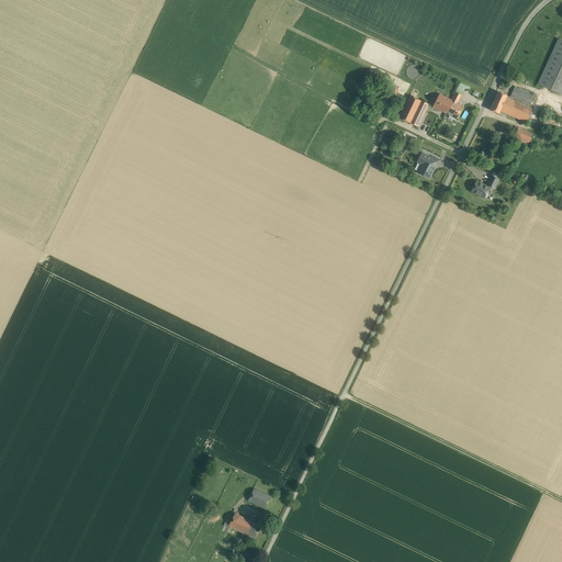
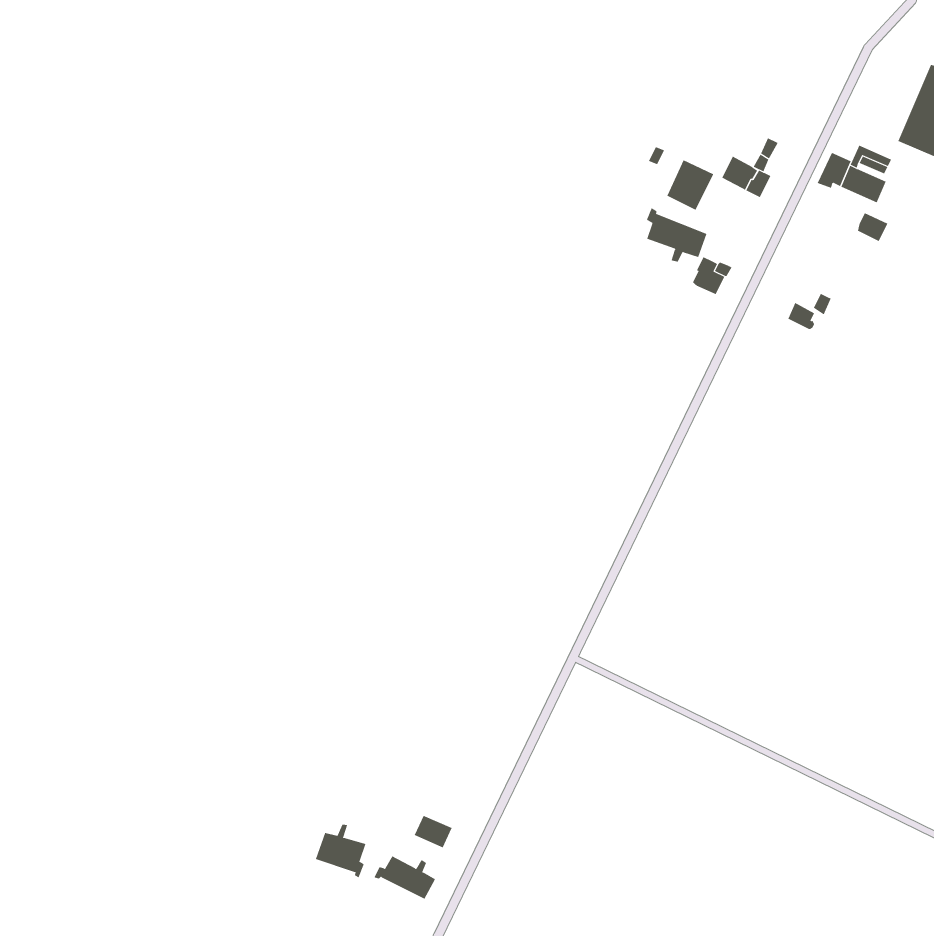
building: none -> [646,207,707,263]
building: none -> [315,824,366,878]

